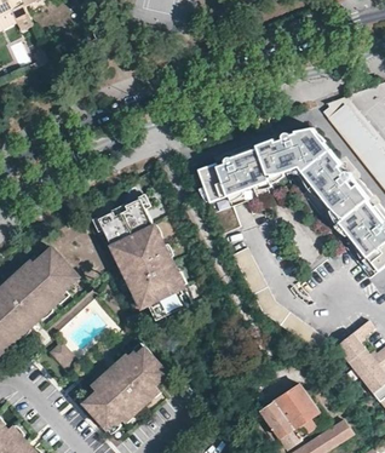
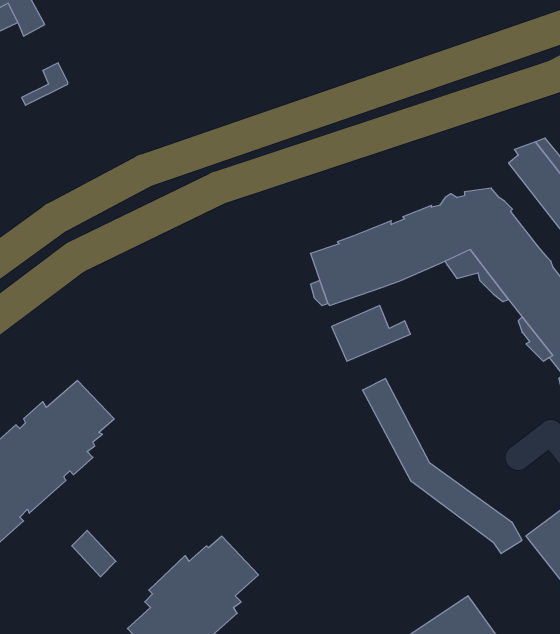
building: [97,195,186,320] -> none

